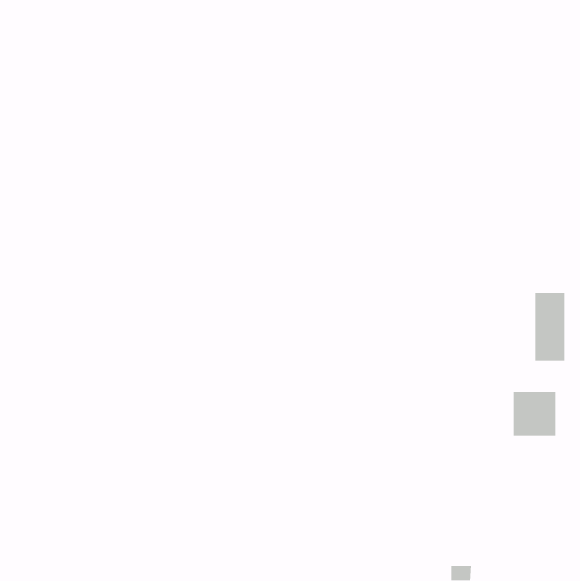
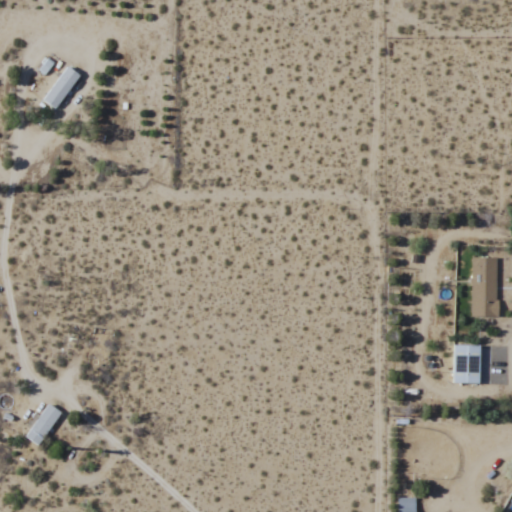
building: none -> [43,65,80,109]
building: none -> [25,403,62,446]

